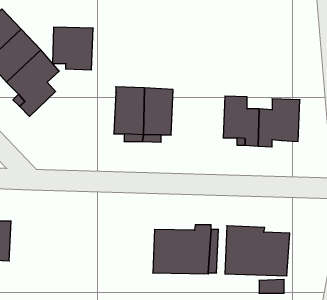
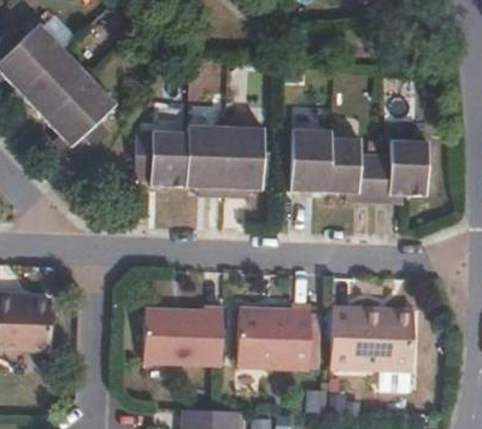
building: [53,27,93,70] -> [135,130,188,186]
building: none -> [290,129,330,190]
building: none -> [145,307,224,365]

